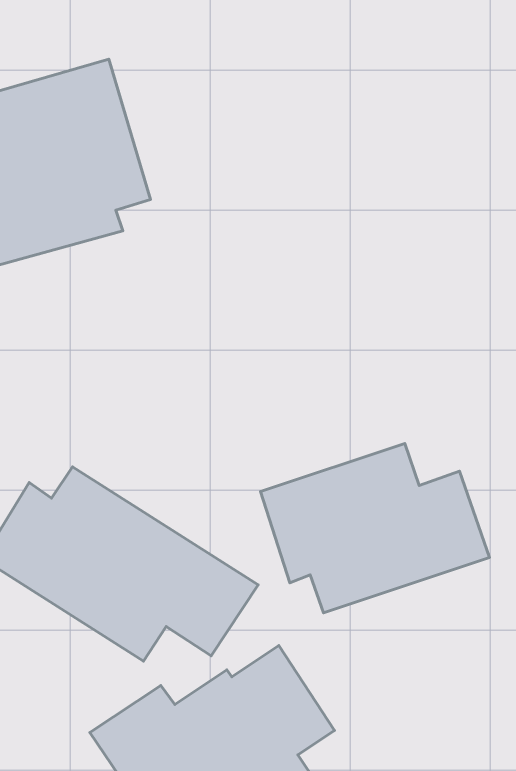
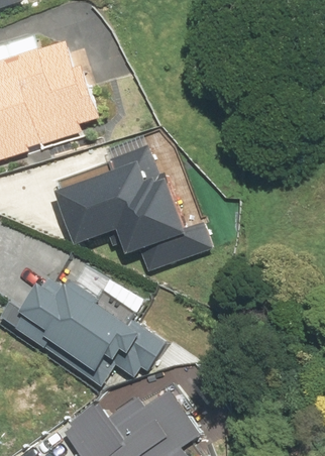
building: none -> [51,137,206,260]
building: [261,443,489,613] -> none

